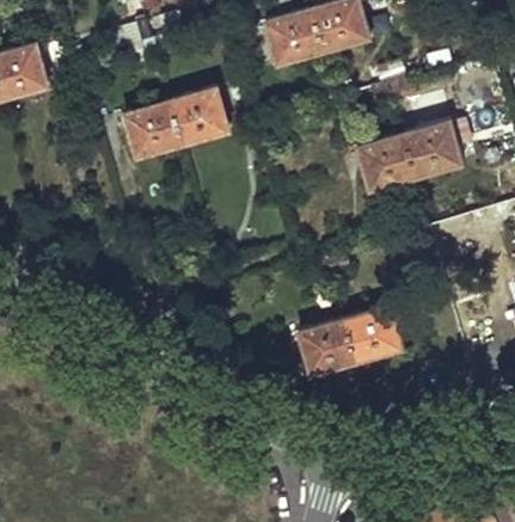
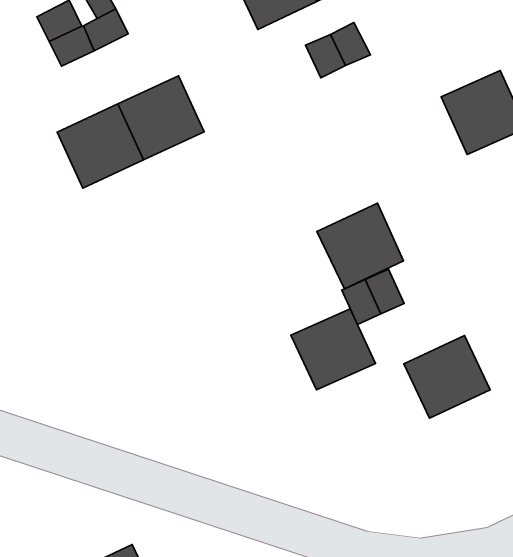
building: [355,135,413,192] -> [317,203,404,289]
building: [299,321,356,375] -> [291,309,376,390]

